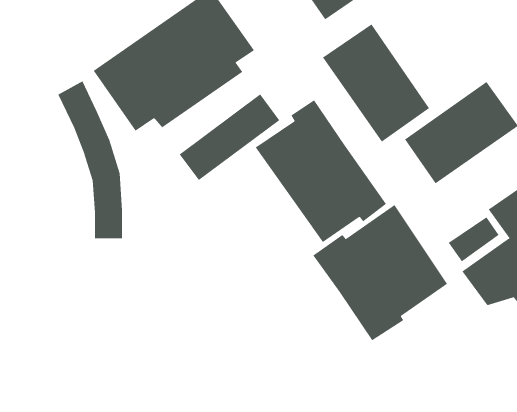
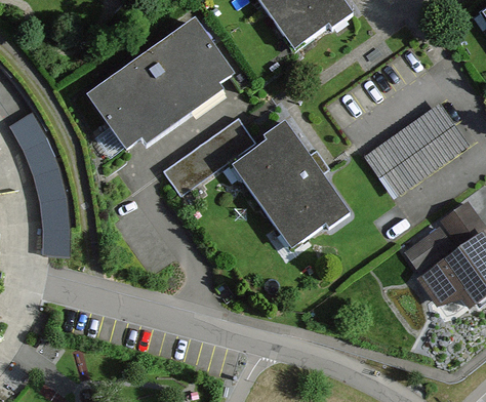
building: [322,24,430,143] -> none
building: [57,81,123,239] -> [10,111,69,252]
building: [312,204,448,341] -> none

